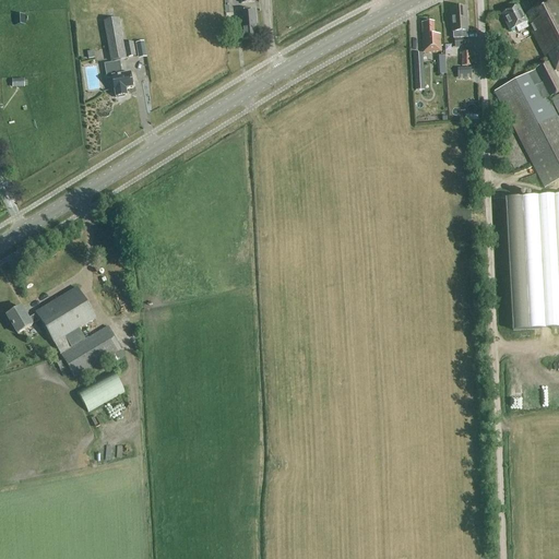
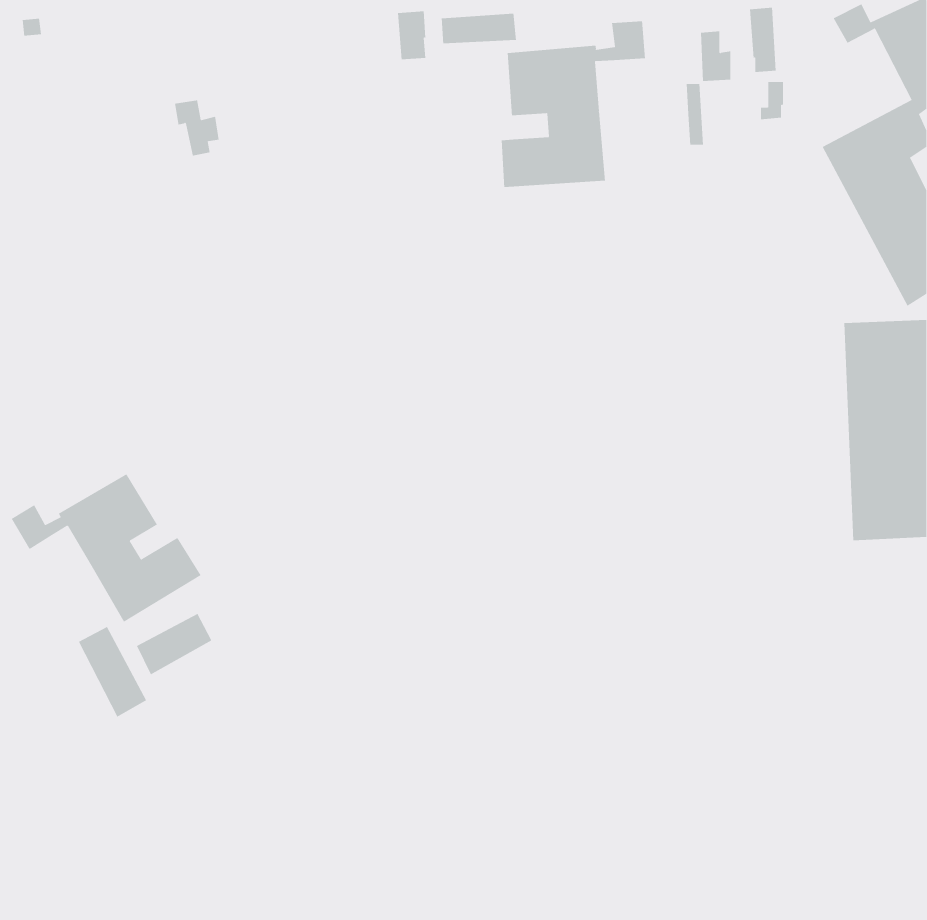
building: none -> [441,13,517,44]
building: none -> [501,21,645,188]
building: [104,15,135,58] -> none
building: none -> [78,626,147,717]

